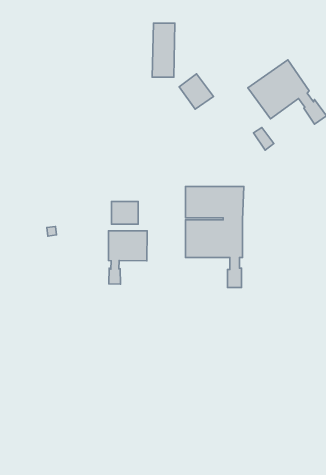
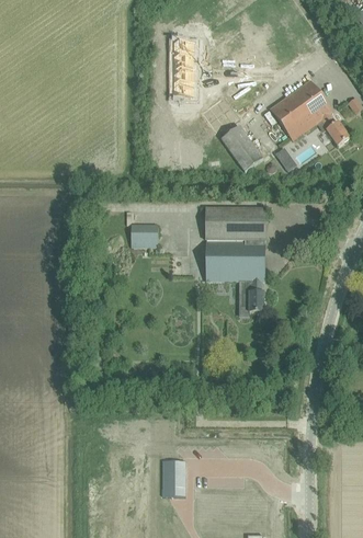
building: none -> [222,125,263,171]
building: [108,231,147,284] -> none
building: none -> [162,459,185,495]

